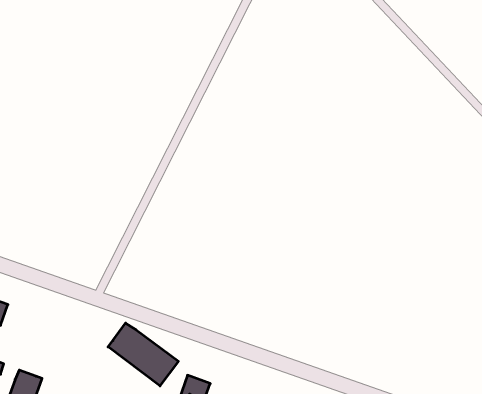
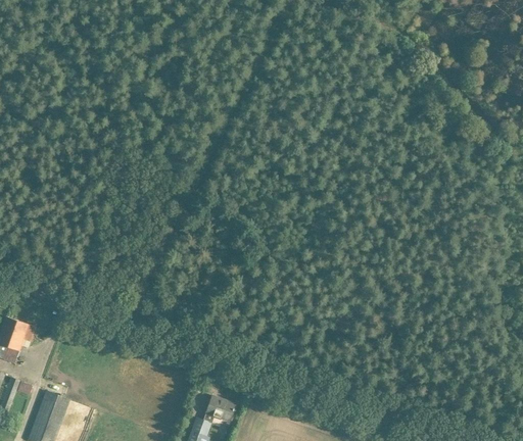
building: [108,323,178,386] -> none

